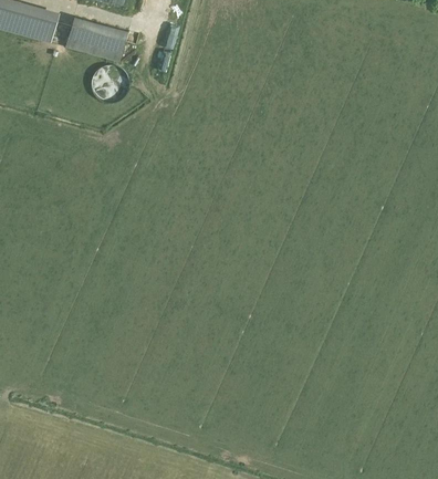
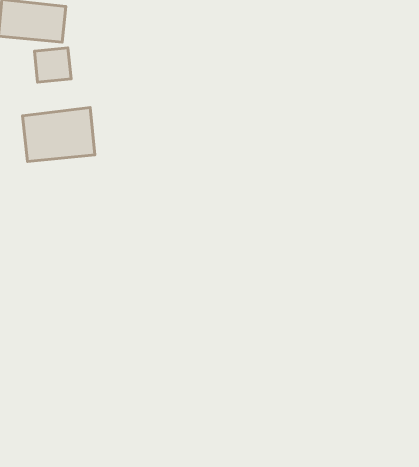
building: none -> [22,107,95,162]

